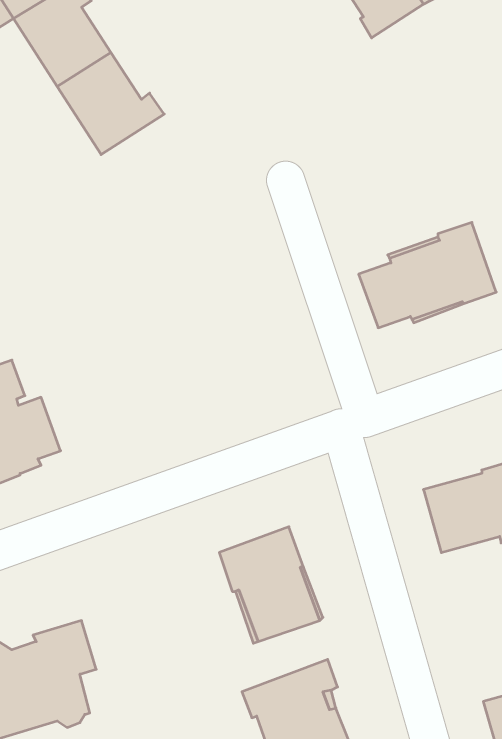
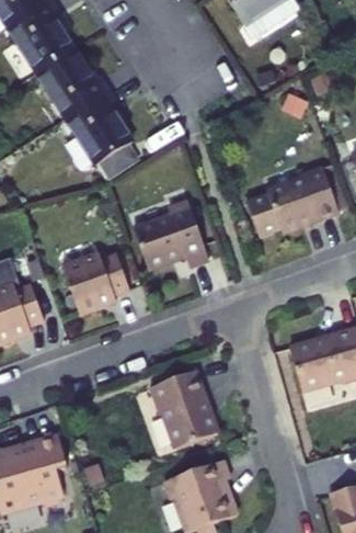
building: none -> [70,92,137,175]
building: none -> [131,201,207,270]
building: none -> [61,253,128,314]

